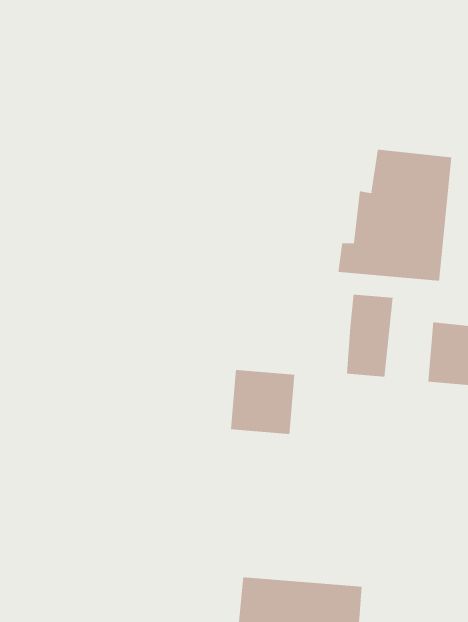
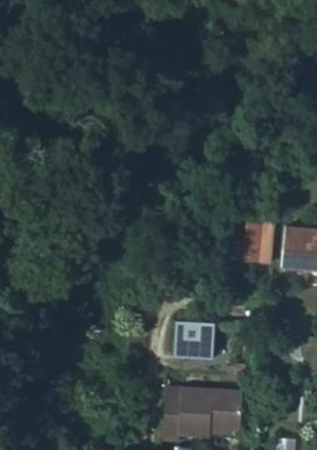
building: [338,149,452,282] -> none
building: [230,370,295,434] -> [174,319,215,360]

